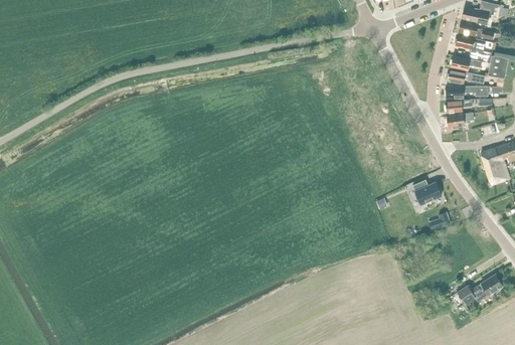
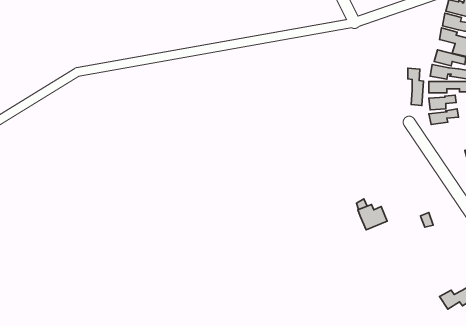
building: none -> [408,68,423,105]
building: [412,180,441,204] -> [358,205,387,230]

